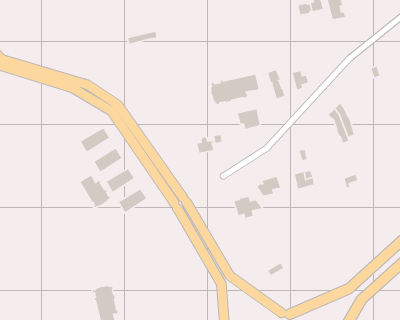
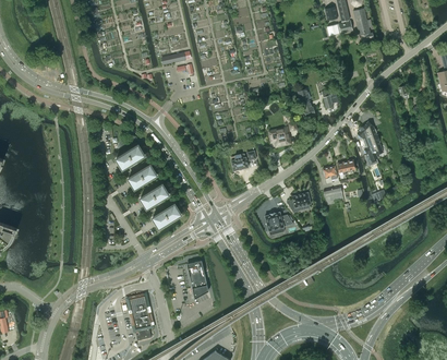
building: [210,74,260,105] -> none
building: [80,175,111,208] -> none
building: none -> [186,261,208,298]

